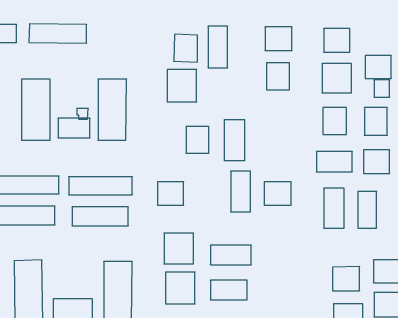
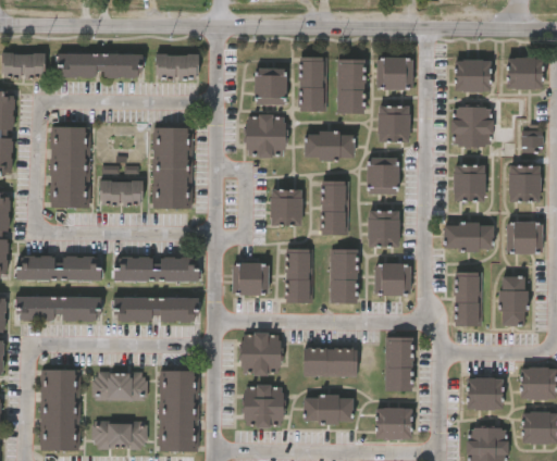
building: none -> [156,54,199,80]
building: none -> [337,59,363,114]
building: [365,56,391,78] -> [507,58,542,88]
building: none -> [306,132,354,159]
building: none -> [368,157,398,195]
building: none -> [369,211,399,248]
building: none -> [286,250,313,304]
building: none -> [385,338,411,391]
building: none -> [95,372,148,400]
building: none -> [376,408,411,439]

